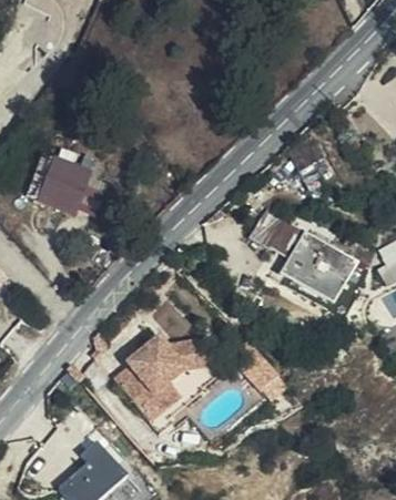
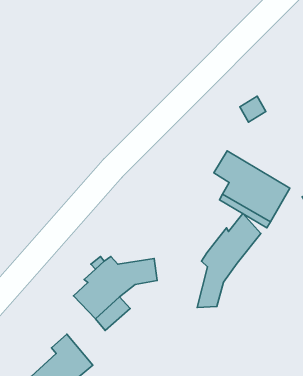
building: [41,154,91,208] -> none
building: none -> [197,214,261,307]

